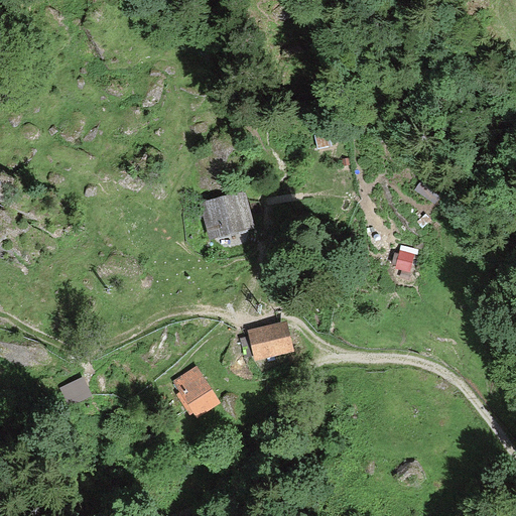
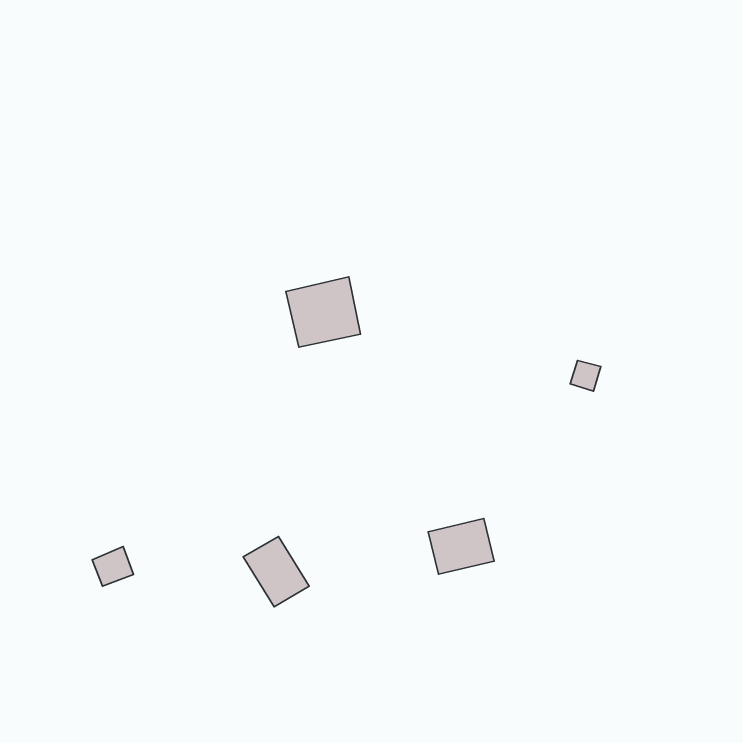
building: [246,321,291,360] -> [428,519,494,574]

